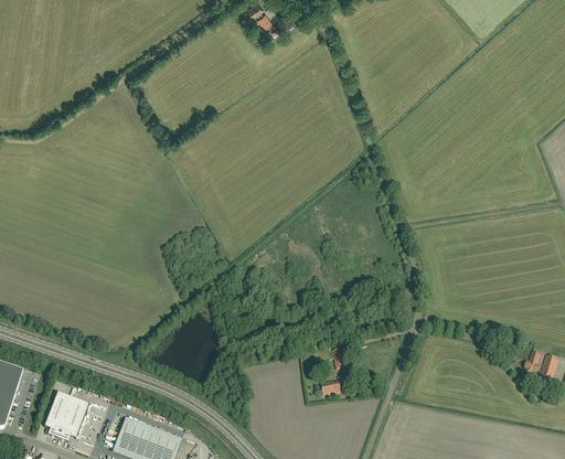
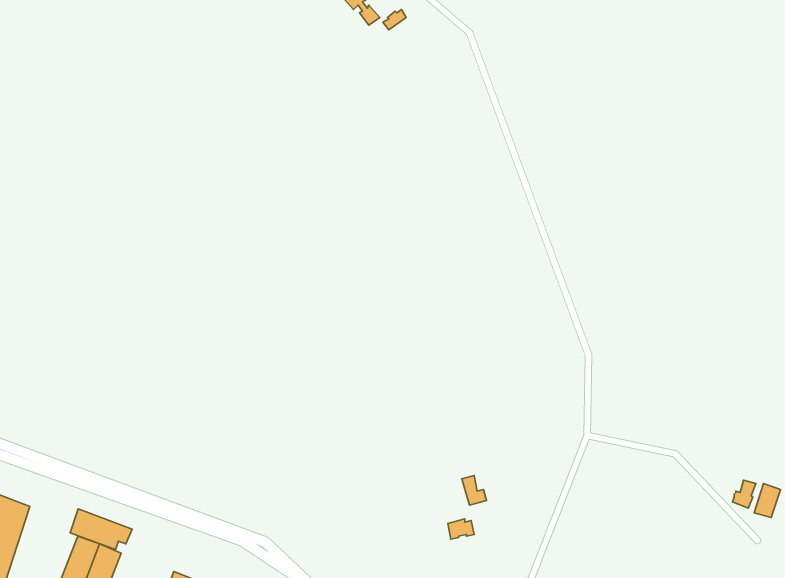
building: none -> [70,509,132,550]

